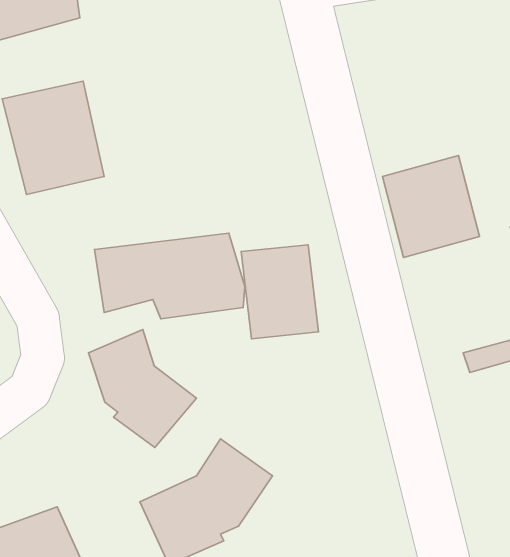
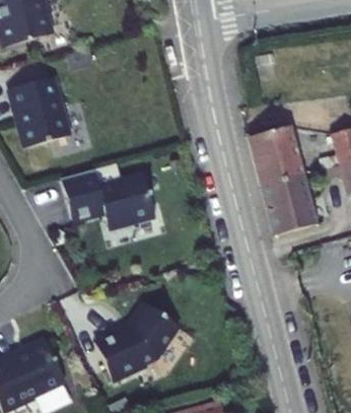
building: none -> [259,175,320,237]
building: [241,245,319,339] -> none
building: [88,330,196,448] -> none

